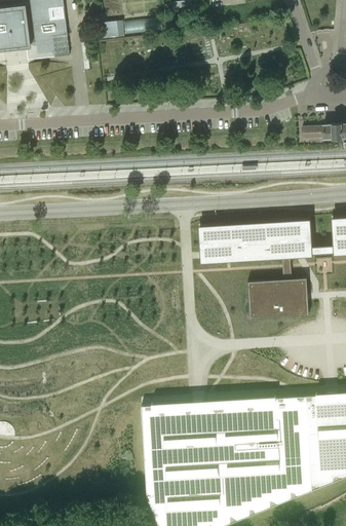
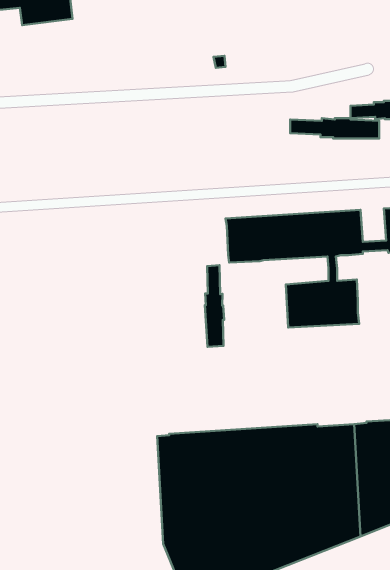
building: none -> [290,118,379,139]
building: none -> [205,265,224,347]

